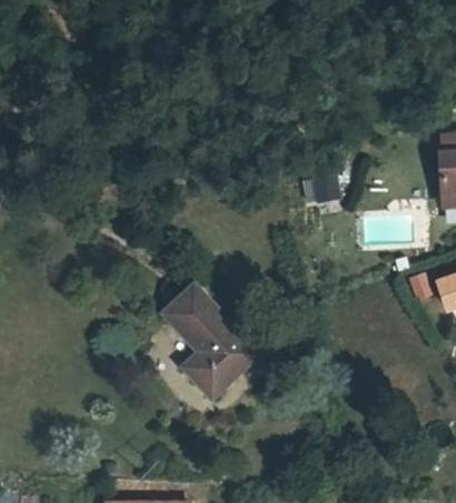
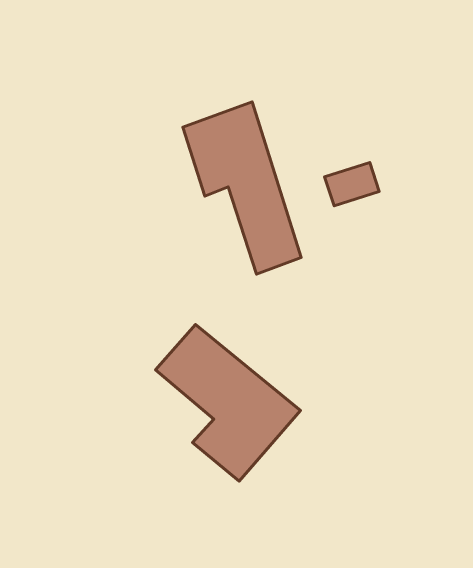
building: none -> [183,102,301,274]

